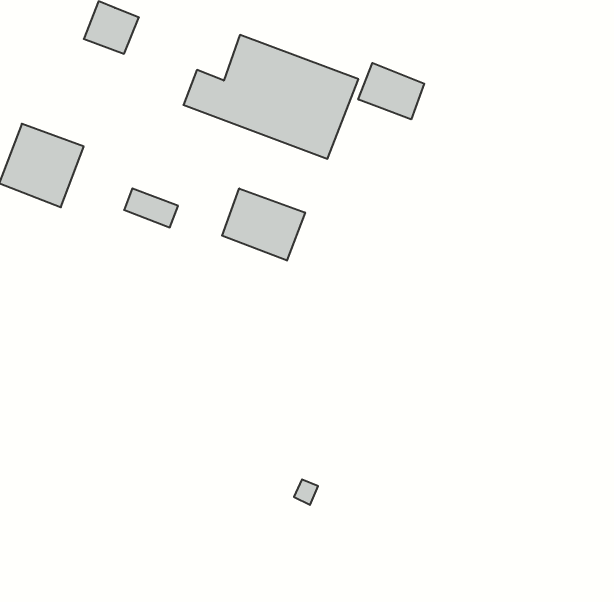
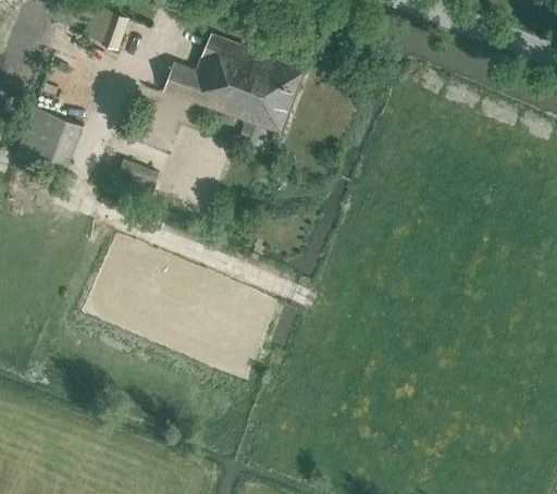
building: [358,63,424,119] -> none
building: [222,188,305,261] -> none

